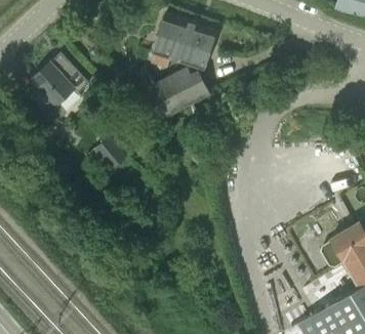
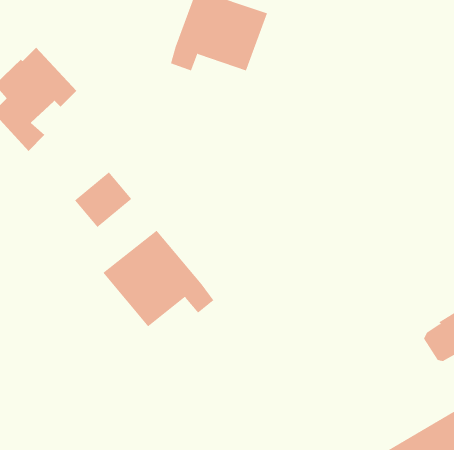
building: [134,68,210,120] -> none
building: none -> [103,230,214,327]

